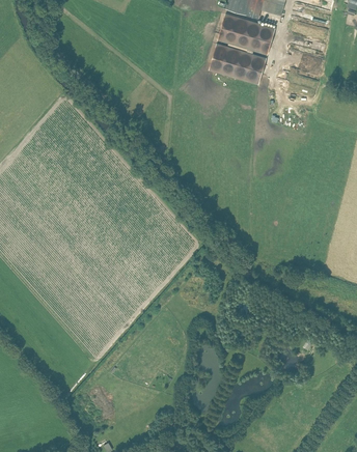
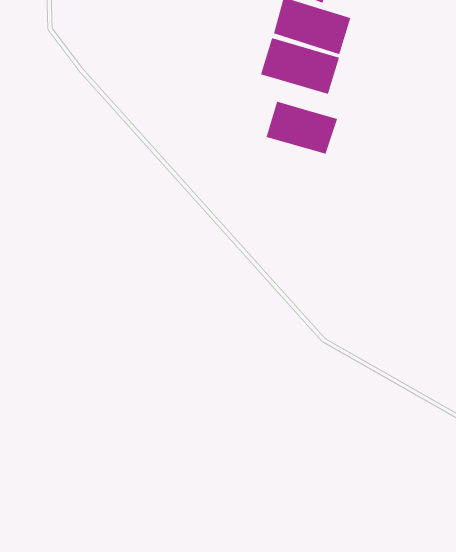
building: none -> [266,101,338,154]

